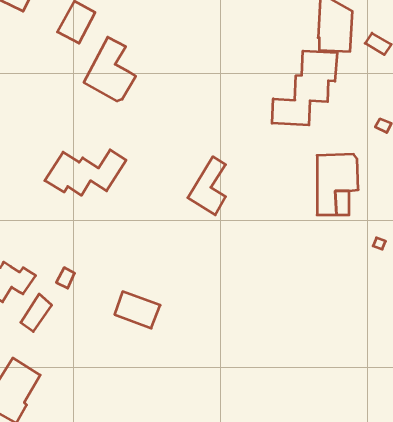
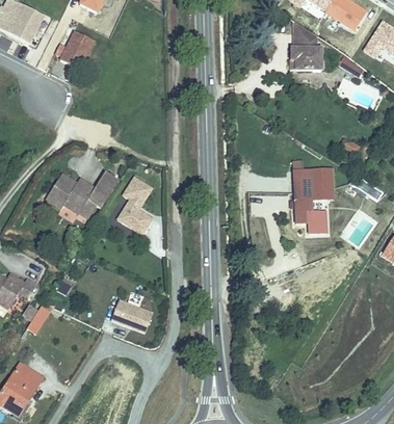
building: [84,37,136,101] -> none
building: [272,51,337,125] -> none
building: [188,157,226,215] -> [117,179,152,232]

